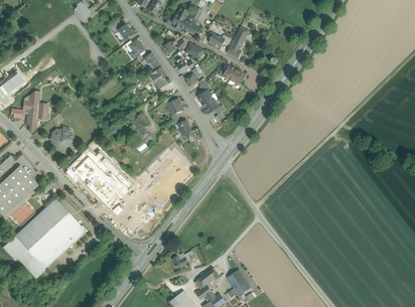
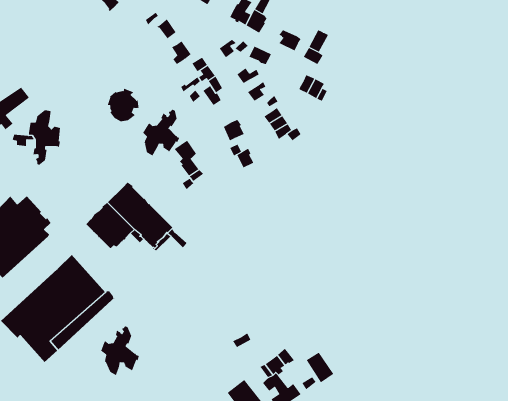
building: none -> [142,109,180,157]
building: [50,126,75,151] -> [107,88,139,122]
building: none -> [101,326,140,376]

